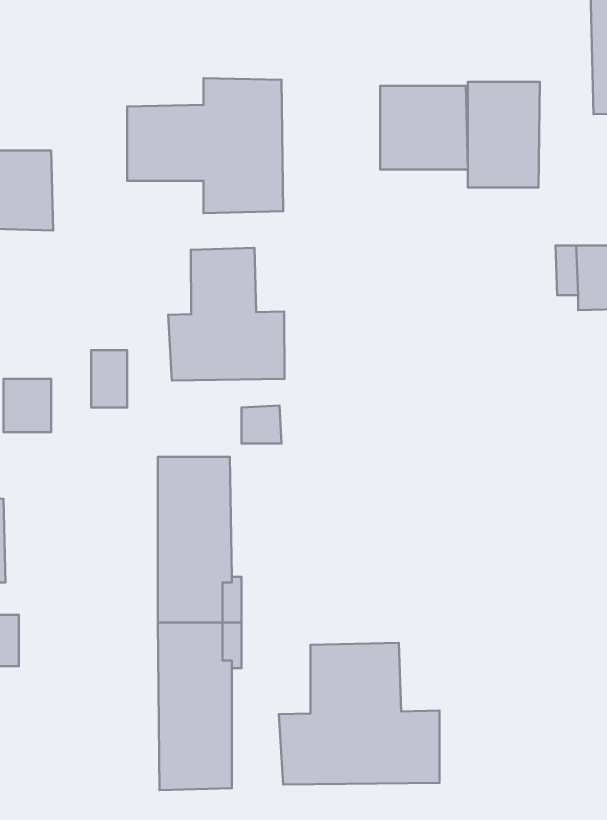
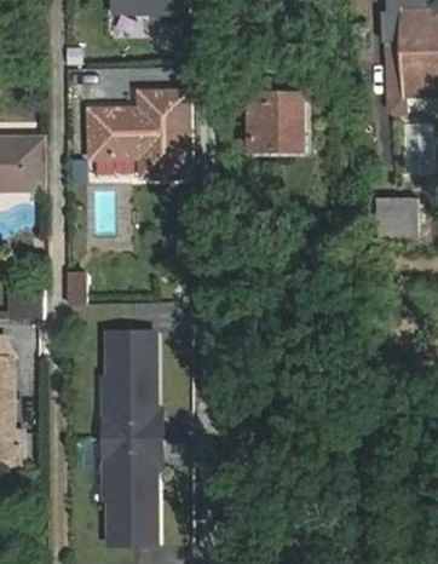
building: [468,82,540,188] -> none
building: [168,248,284,381] -> none
building: [279,643,440,785] -> none

